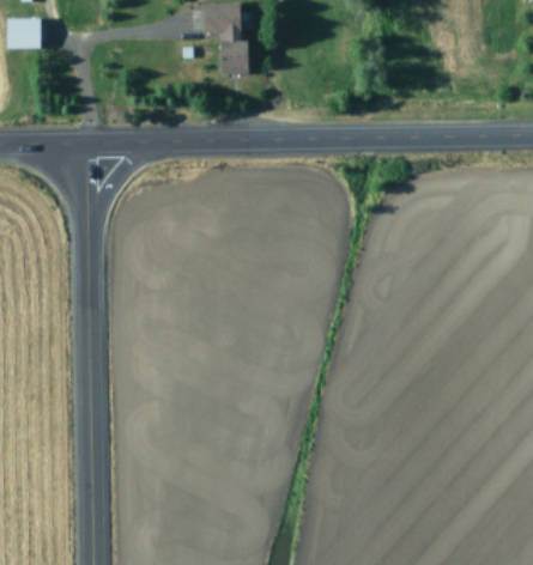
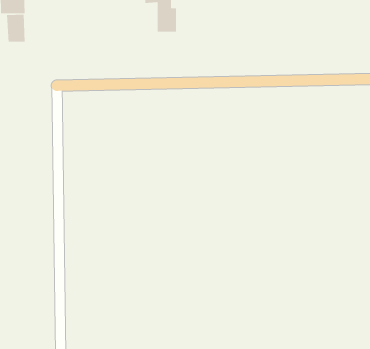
building: none -> [7,14,25,43]

